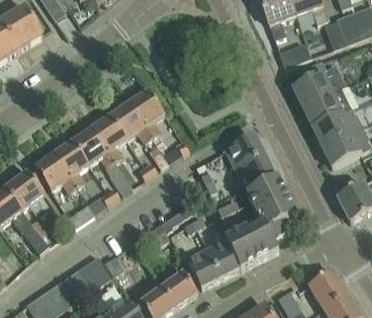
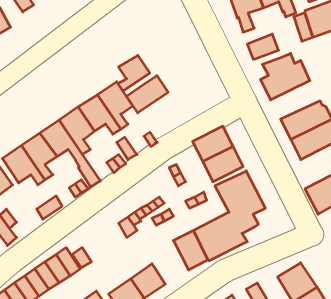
building: none -> [118,55,150,91]
building: none -> [126,76,168,113]
building: [301,88,351,127] -> none
building: [185,248,219,288] -> none

